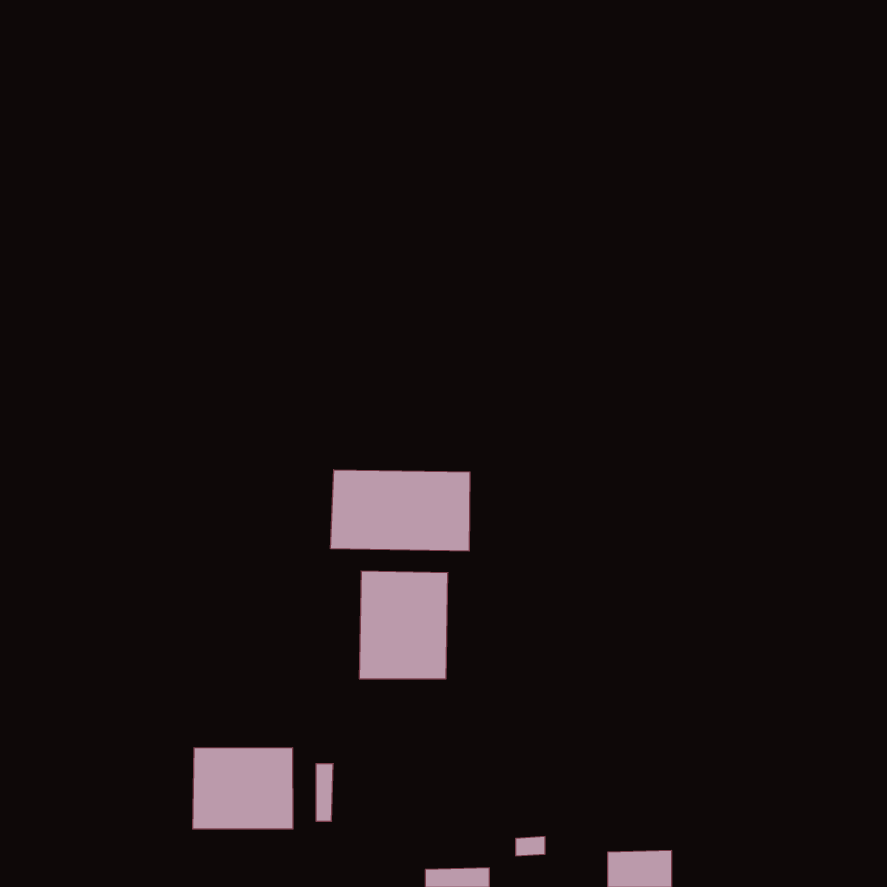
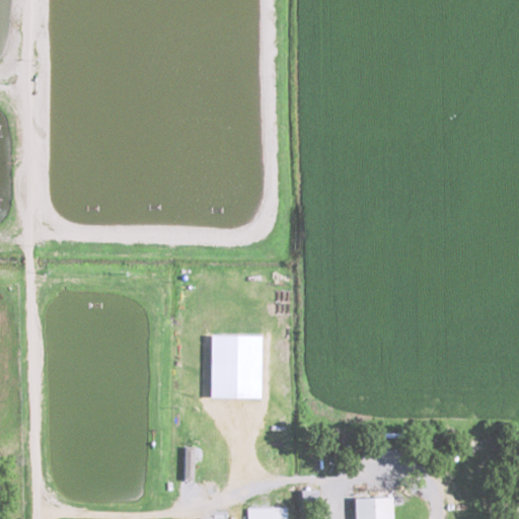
building: [331,470,470,551] -> none
building: [193,748,293,829] -> none

